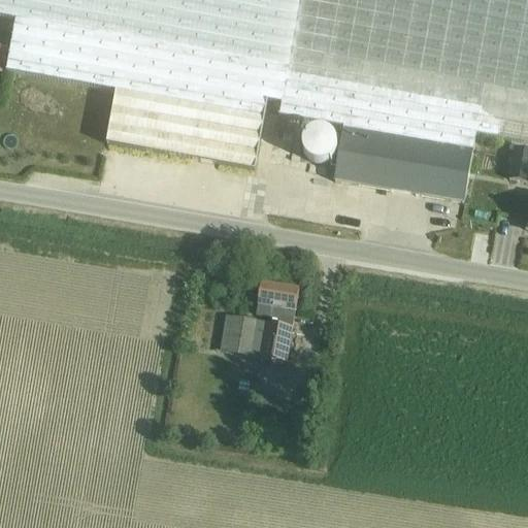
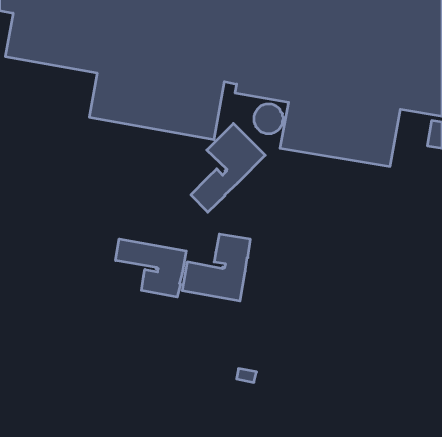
building: none -> [191,123,265,212]
building: none -> [116,239,186,297]

